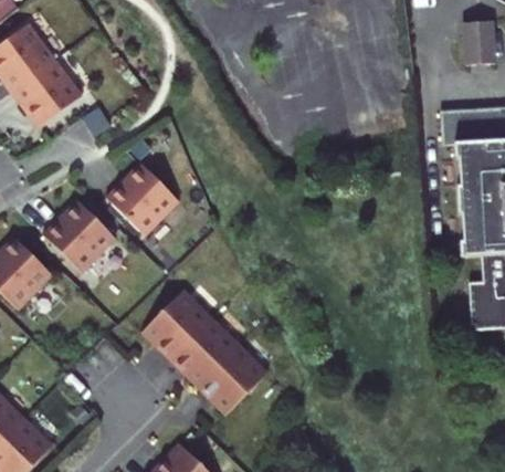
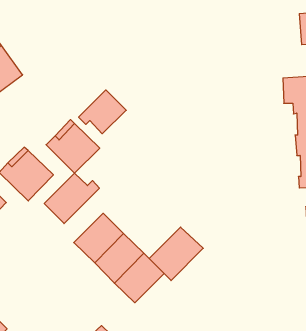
building: none -> [79,90,126,134]
building: none -> [44,173,99,224]
building: none -> [149,227,203,281]

